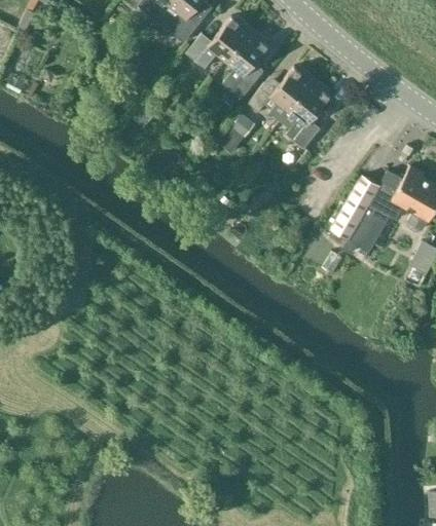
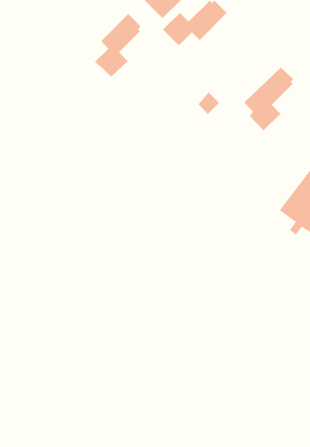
building: [223,29,268,99] -> [94,13,141,78]
building: [249,67,316,121] -> none

